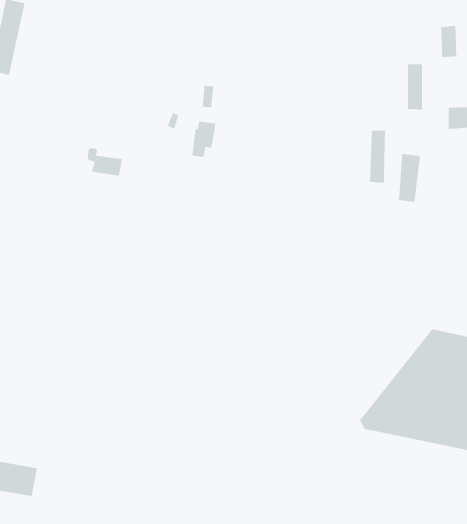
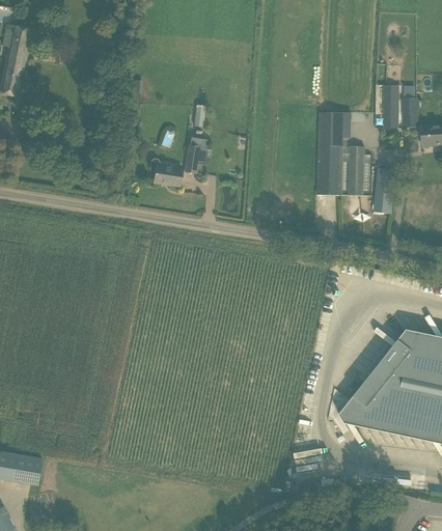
building: [440,25,457,58] -> [403,96,418,127]
building: none -> [316,111,352,194]
building: [87,147,123,177] -> [149,158,183,185]

